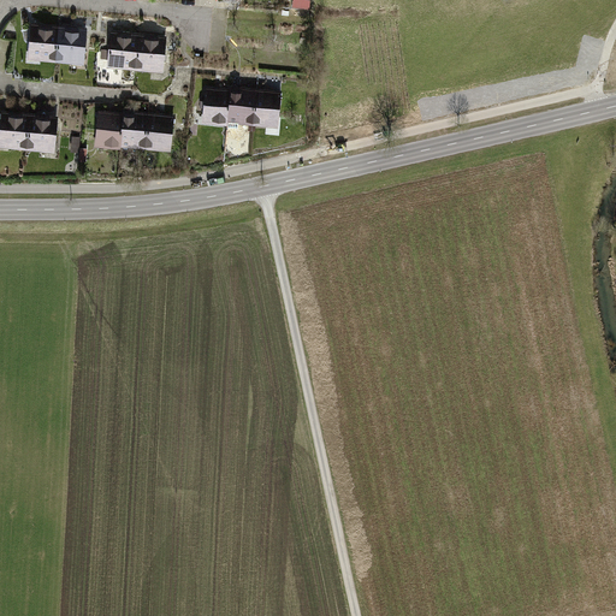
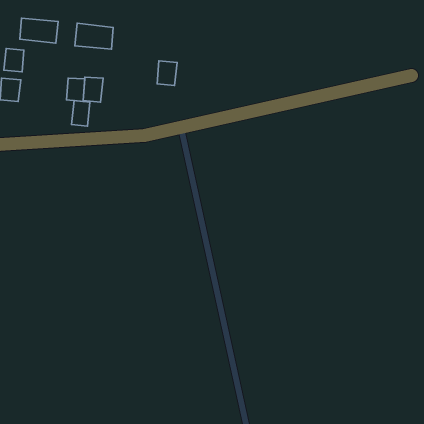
building: [203,90,230,124] -> none
building: [253,91,280,128] -> none
building: [146,114,172,152] -> [72,101,90,126]
building: [26,117,55,150] -> [4,48,24,72]

